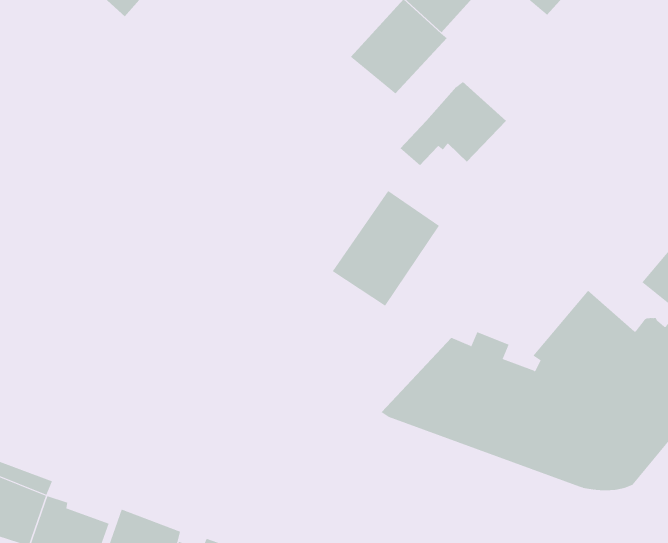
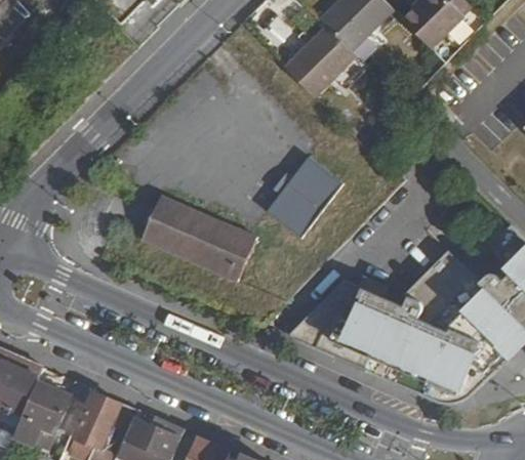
building: [400,81,507,166] -> none
building: none -> [140,194,259,283]

